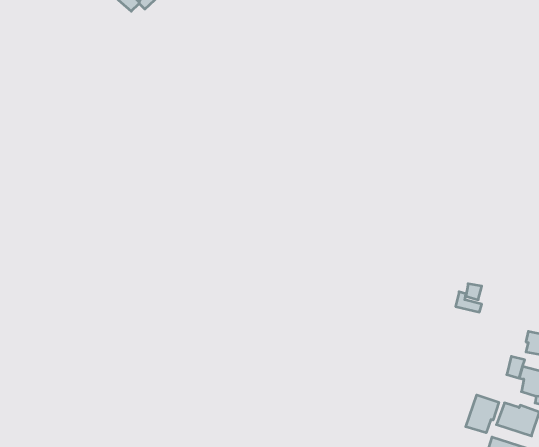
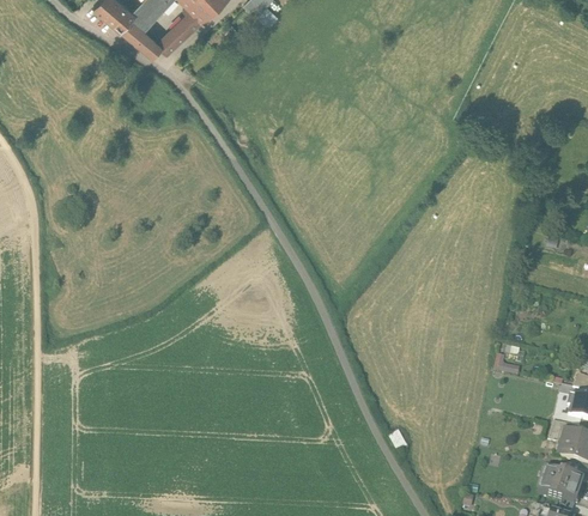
building: [466,395,499,433] -> none

